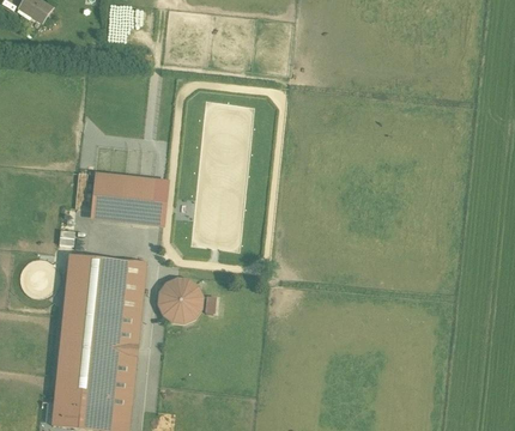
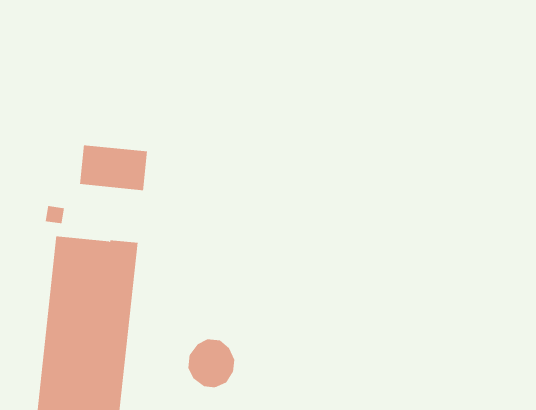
building: [158,278,201,322] -> [188,339,235,388]

